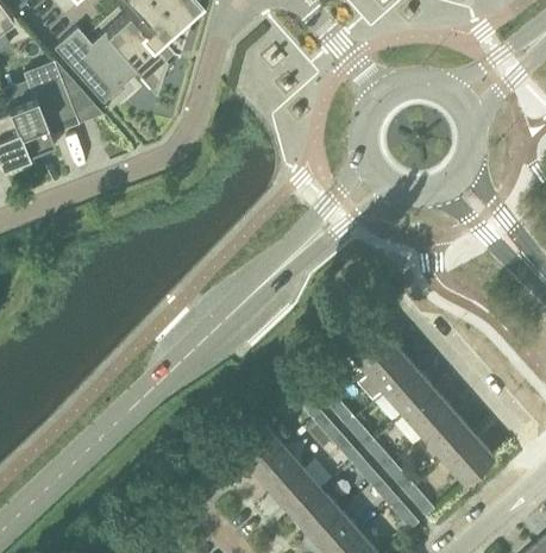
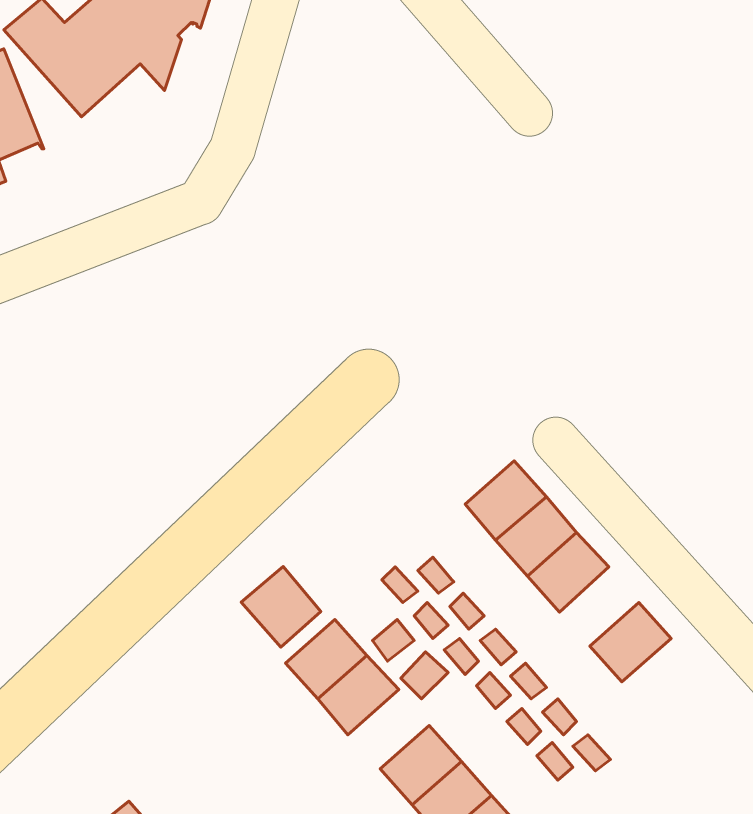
building: none -> [241,567,321,647]
building: [404,390,454,440] -> none
building: [444,435,495,485] -> none
building: [271,467,322,517] -> none

